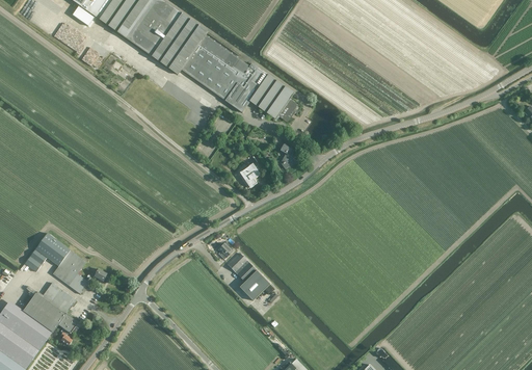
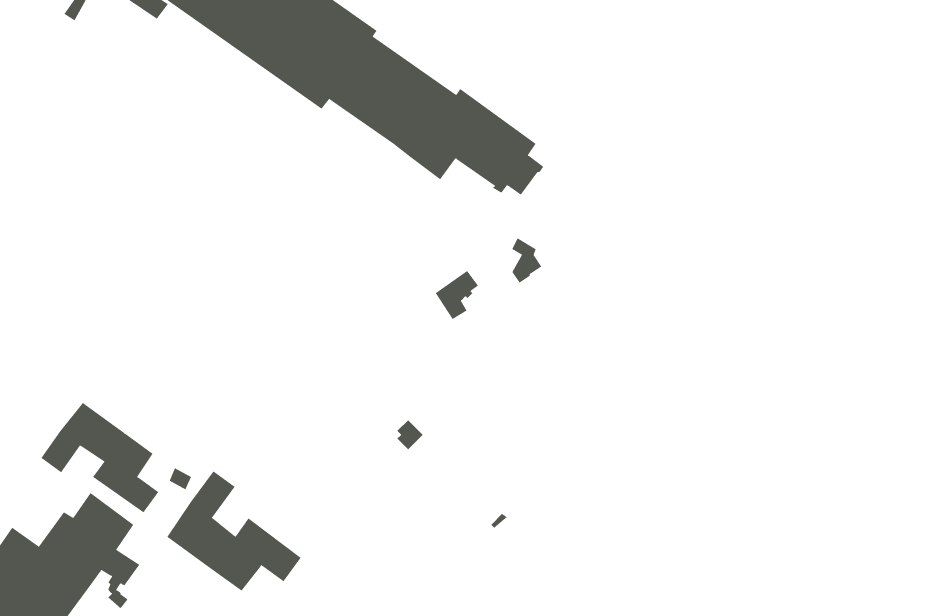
building: [227,253,269,300] -> none
building: none -> [167,470,302,591]

